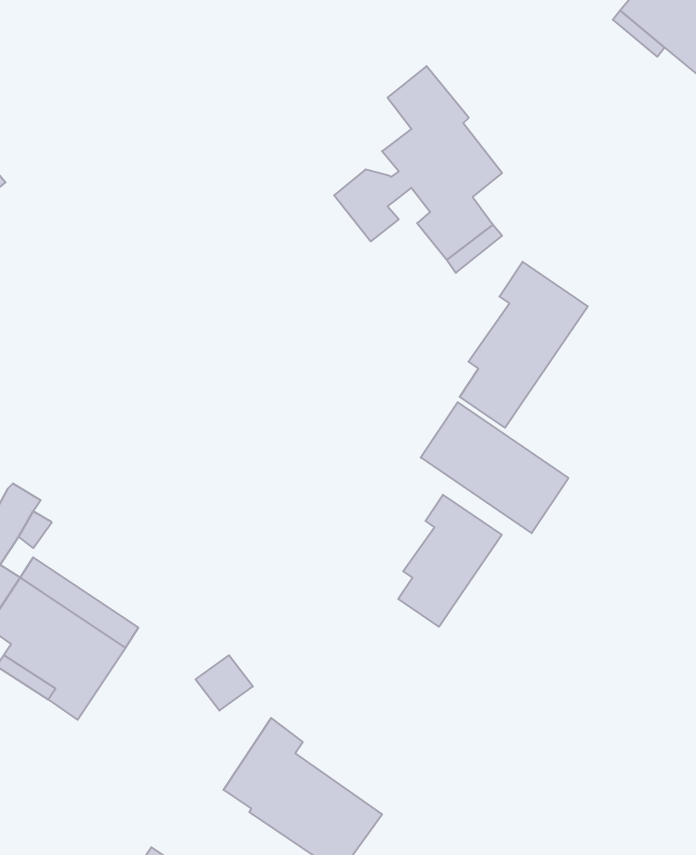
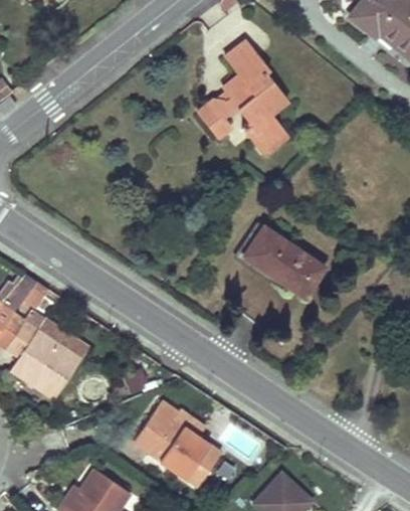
building: [460,262,588,428] -> none
building: [398,495,502,627] -> none

